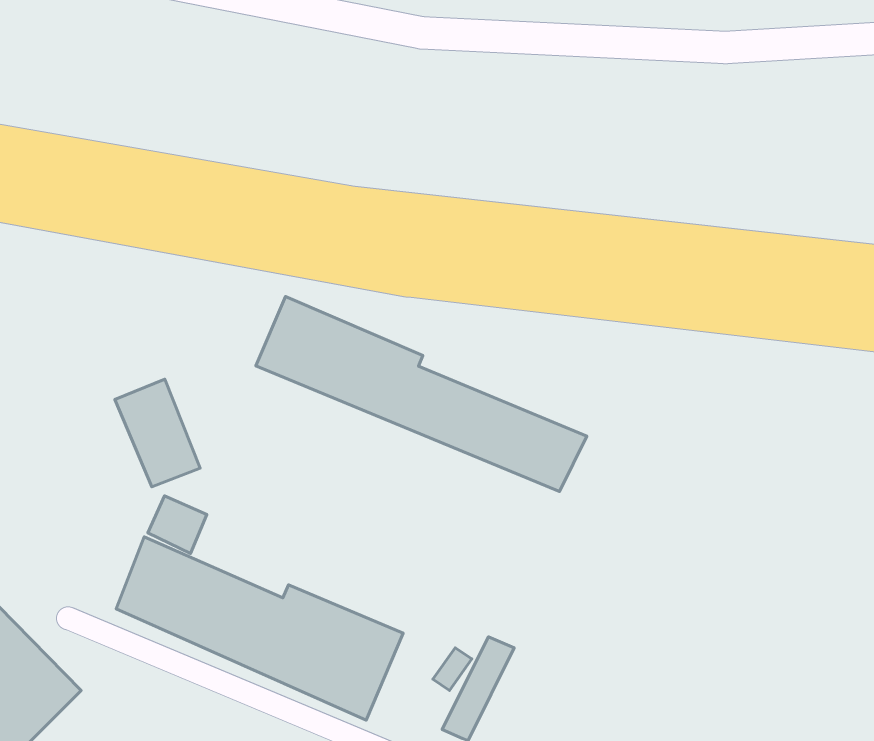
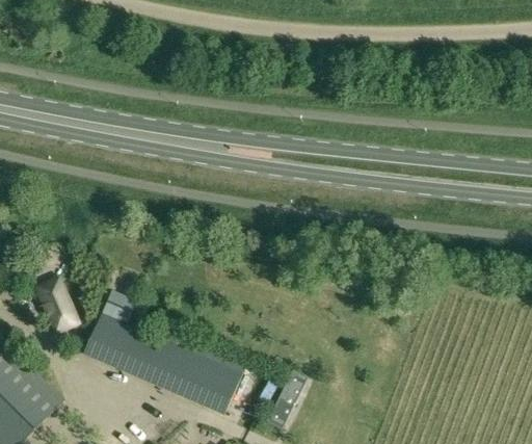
building: [256,297,587,492] -> none
building: [115,379,200,487] -> [33,275,81,335]

